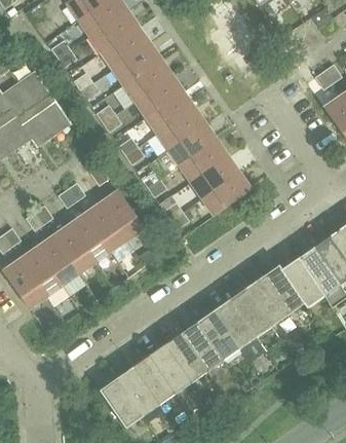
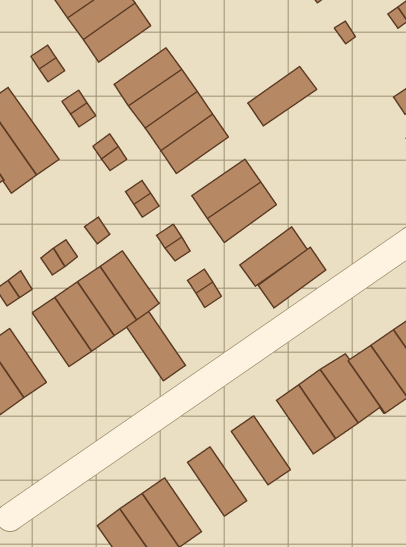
building: [100,26,149,69] -> none
building: [156,107,206,150] -> [248,67,317,126]
building: [191,156,240,200] -> [258,247,326,308]
building: [35,235,78,286] -> [126,312,186,381]
building: [213,299,256,349] -> none
building: [181,322,223,372] -> none
building: [148,344,191,395] -> none

